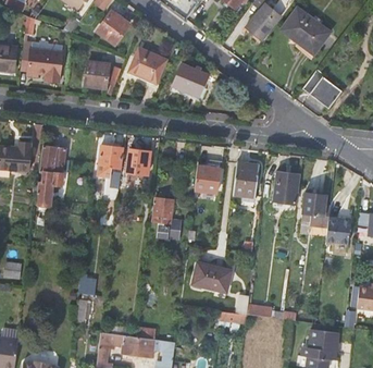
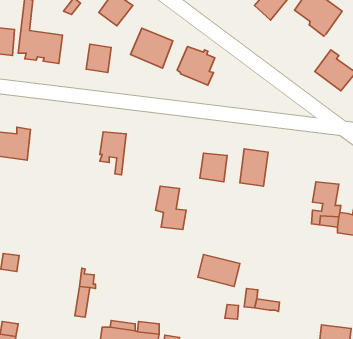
building: [35,146,66,207] -> none
building: [127,149,150,174] -> none
building: [272,172,298,204] -> none

